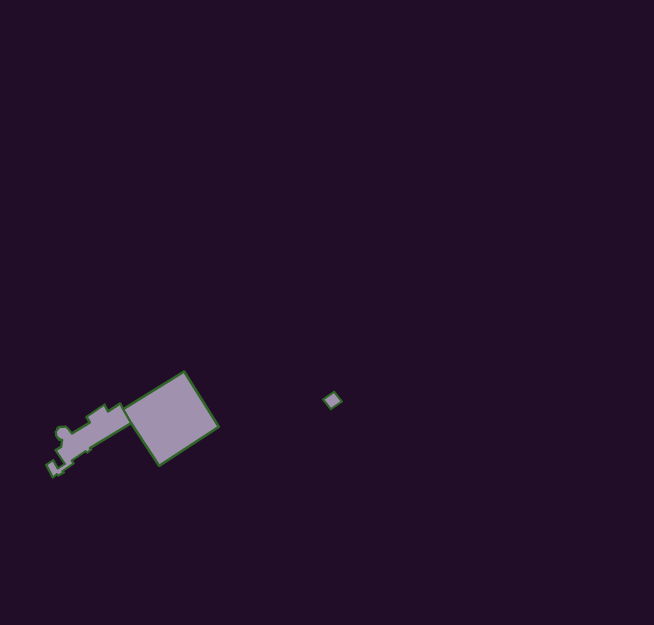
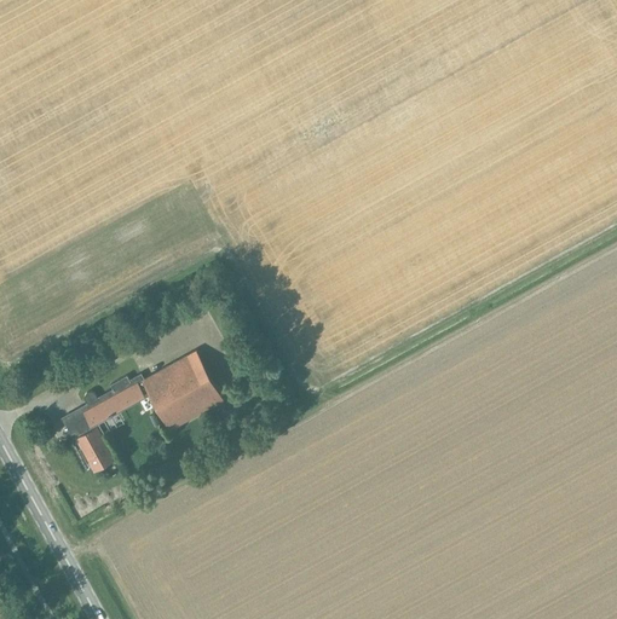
building: none -> [74,429,115,473]

